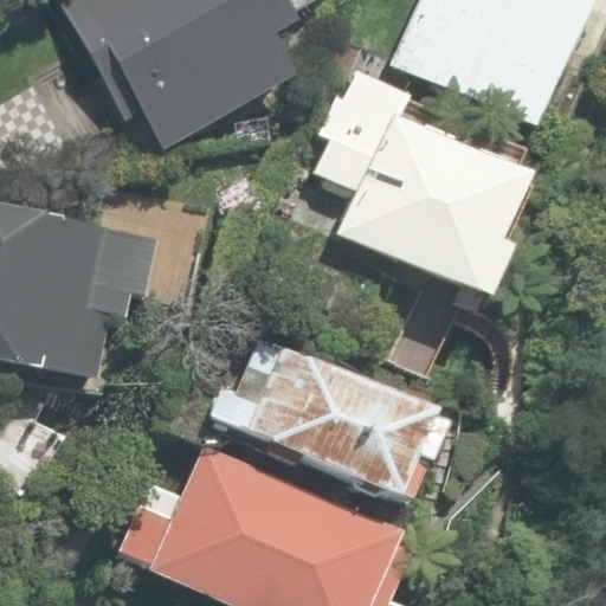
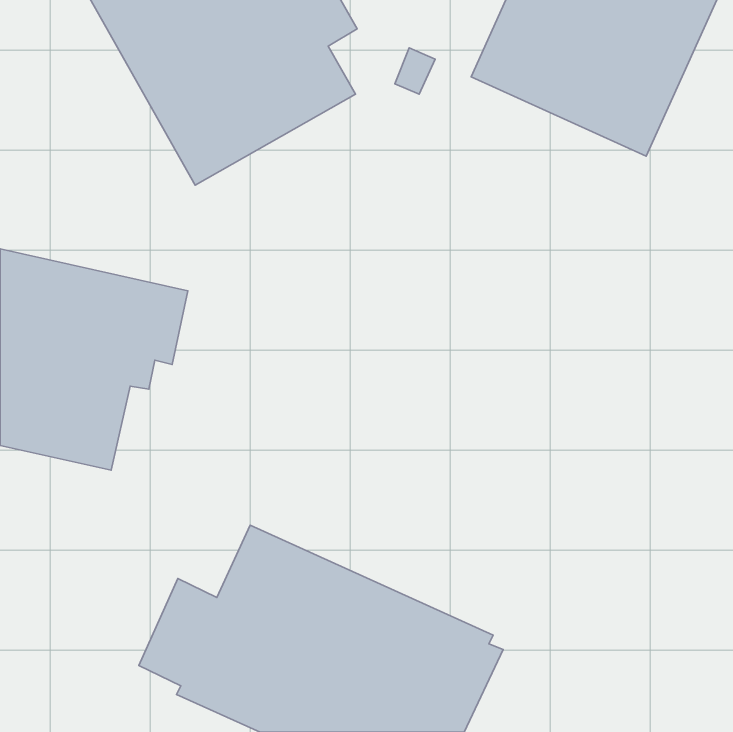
building: [308,72,527,303] -> none
building: [207,340,443,507] -> none

